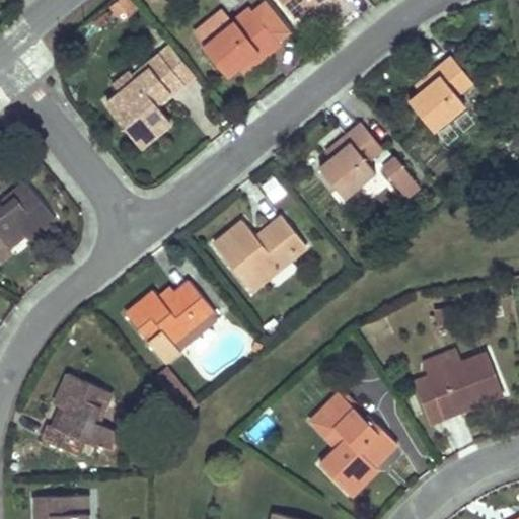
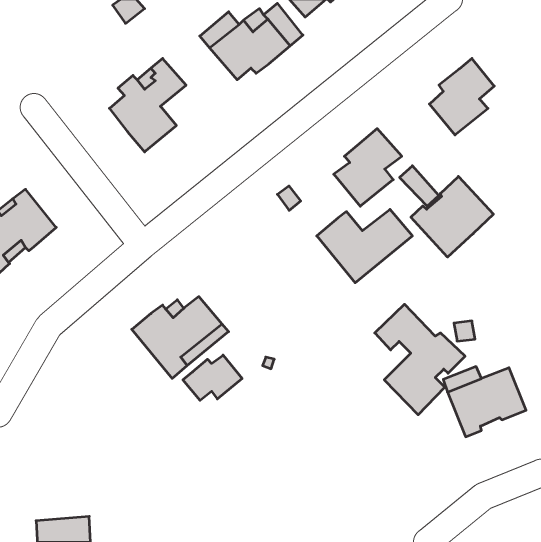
building: none -> [411,176,493,257]
building: [214,219,305,289] -> [317,209,412,283]
building: none -> [183,355,242,400]
building: [42,374,120,454] -> none
building: [310,392,396,498] -> [375,304,465,415]

